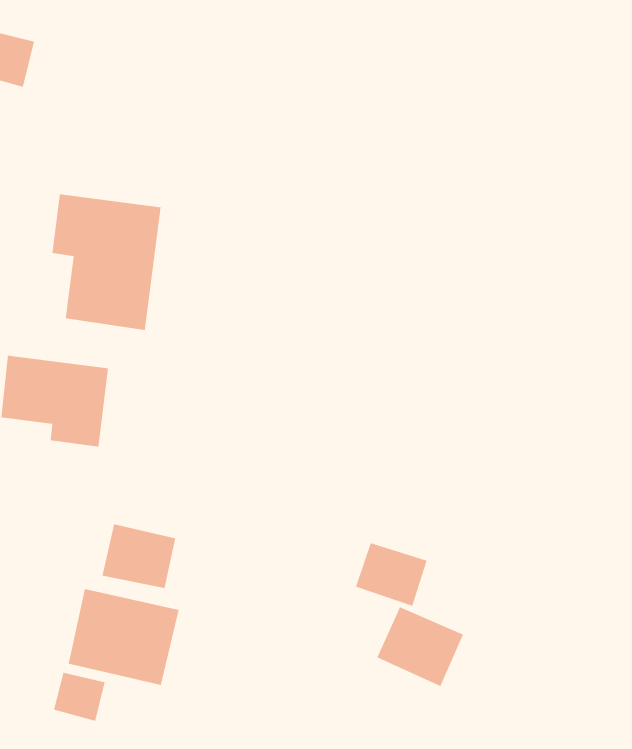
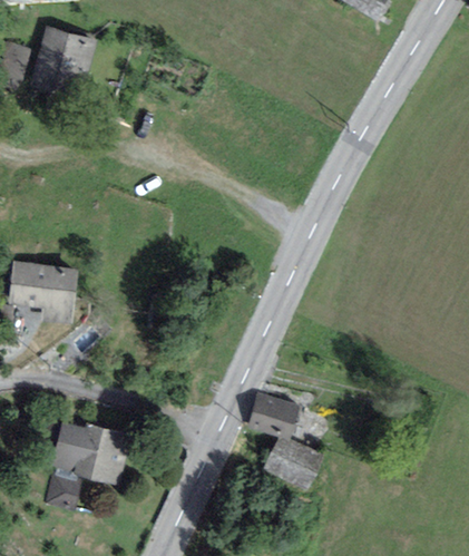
building: none -> [32,29,96,101]
building: [52,193,161,331] -> none
building: [102,523,176,589] -> none

